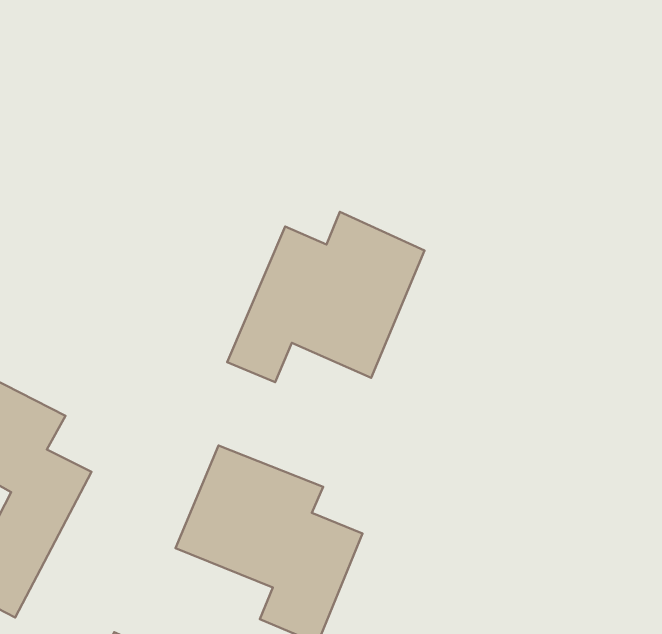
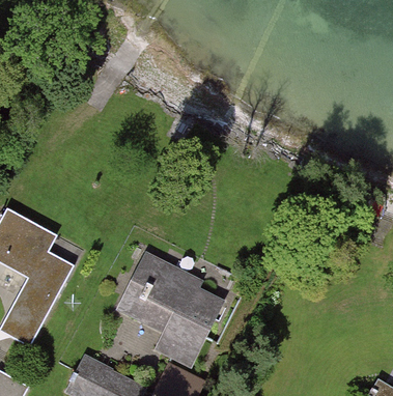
building: [227,212,425,382] -> none

